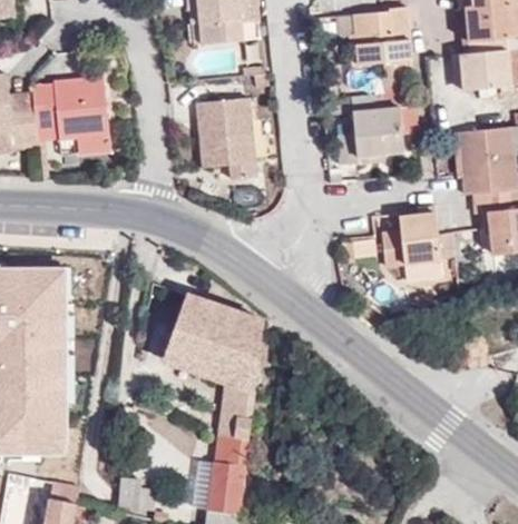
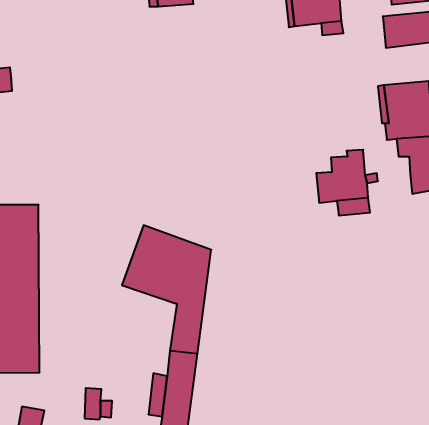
building: [32,76,109,138] -> none
building: [199,98,258,180] -> none
building: [338,106,405,166] -> none

